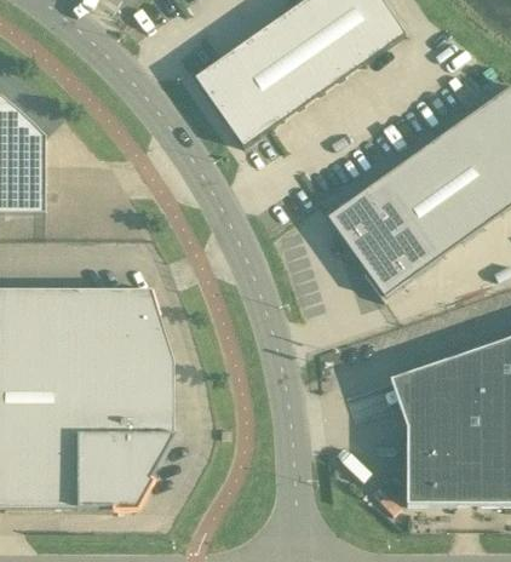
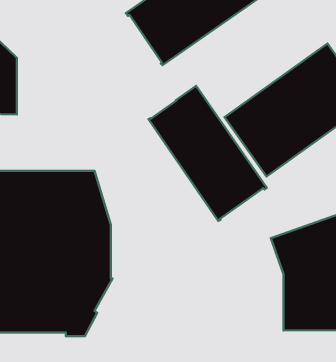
building: none -> [148,86,267,221]

